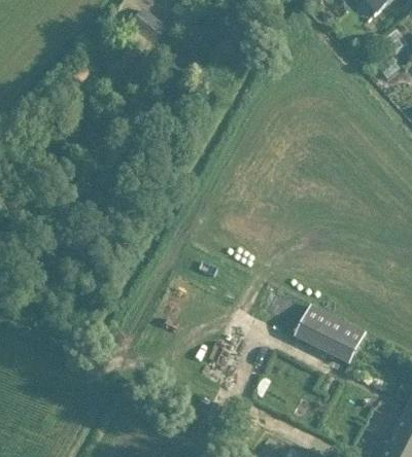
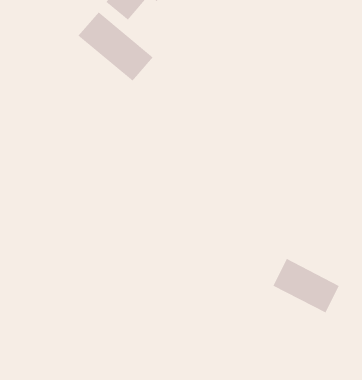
building: none -> [78,11,154,82]

